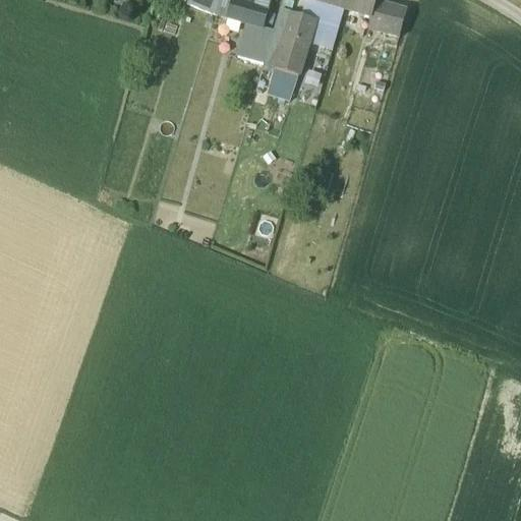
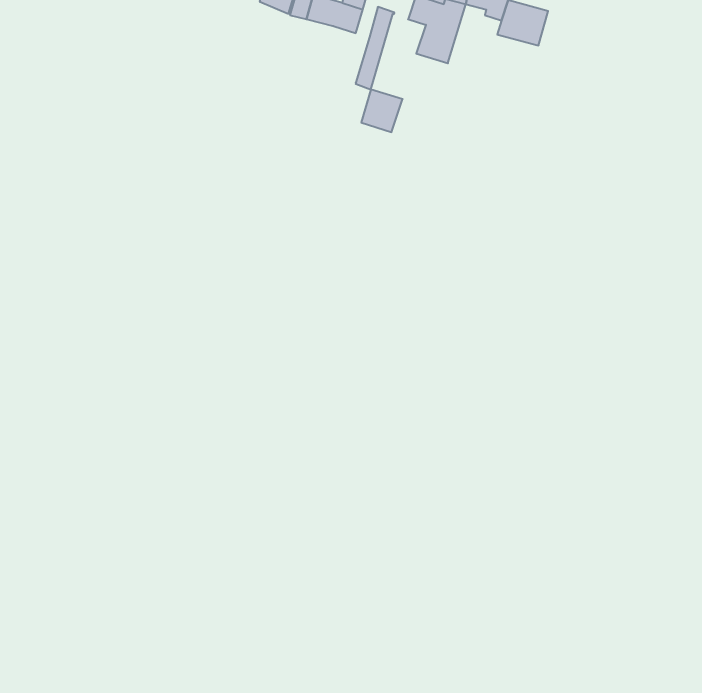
building: [275,10,315,73] -> none
building: [237,19,274,61] -> none

